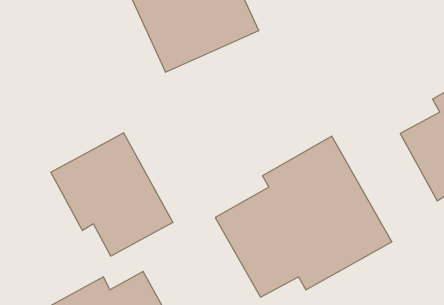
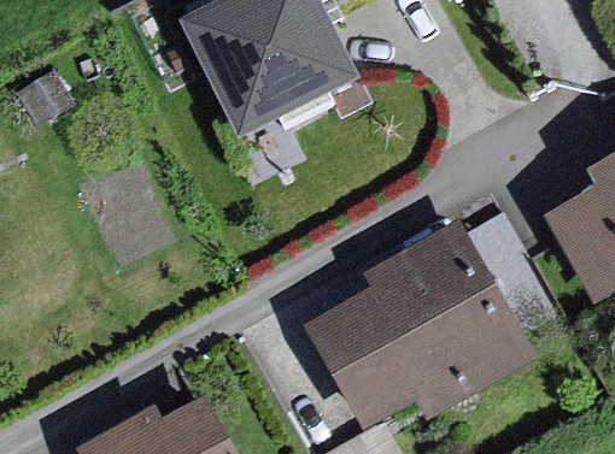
building: [51,133,173,256] -> none

